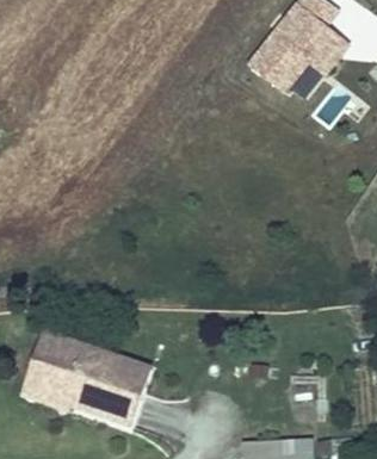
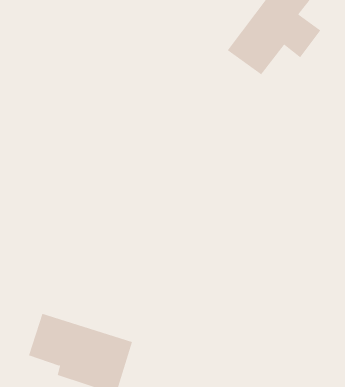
building: [25,336,74,411] -> none

